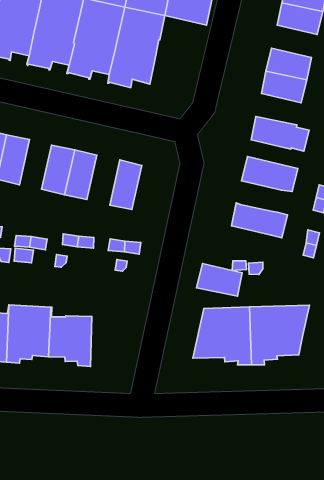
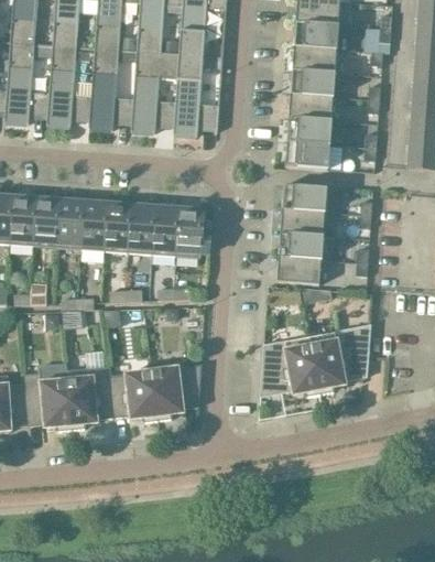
building: none -> [172,53,221,134]
building: none -> [291,45,335,73]
building: none -> [285,117,329,143]
building: none -> [56,199,83,248]
building: none -> [127,205,154,253]
building: none -> [174,208,209,257]
building: none -> [279,208,323,235]
building: [197,264,242,296] -> [275,256,319,283]
building: none -> [150,365,199,420]

